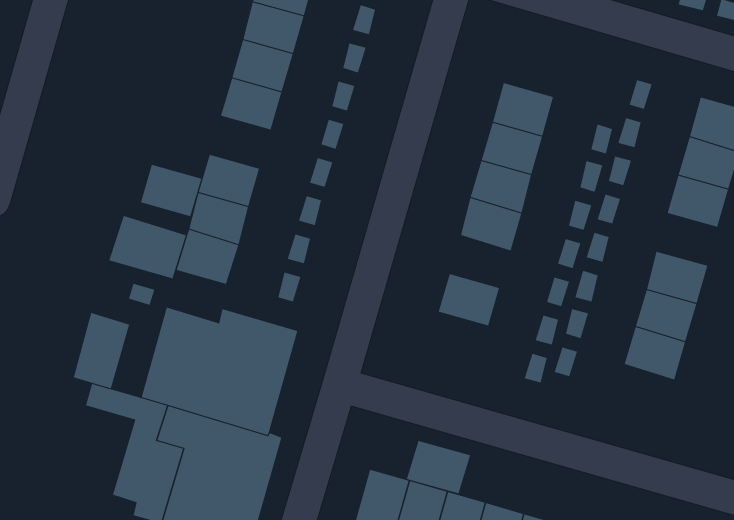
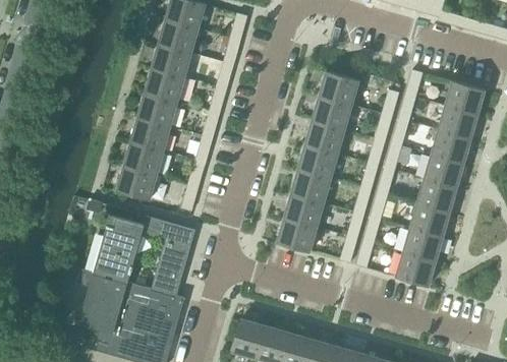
building: [140,164,202,217] -> [137,94,177,127]
building: none -> [424,156,463,189]
building: [109,215,187,279] -> none
building: none -> [291,170,331,203]
building: none -> [277,219,317,253]
building: [73,312,130,389] -> none
building: none -> [396,252,436,288]
building: [406,440,471,494] -> none

